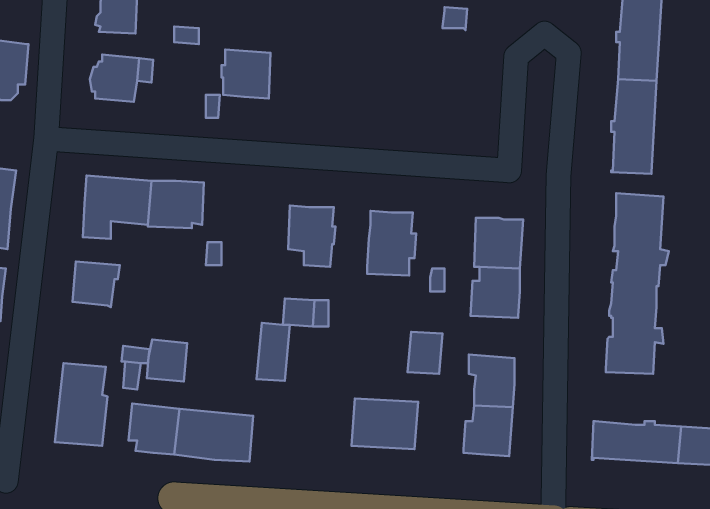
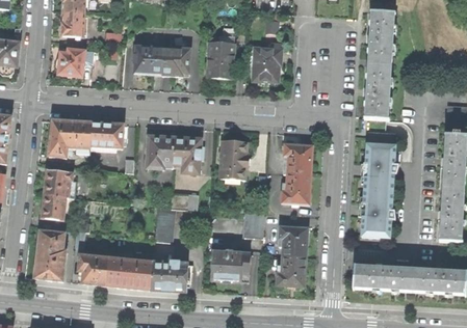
building: none -> [207,42,234,78]
building: none -> [161,47,190,75]
building: none -> [253,47,281,80]
building: none -> [146,136,174,168]
building: [147,340,187,382] -> [42,194,66,219]
building: none -> [150,262,187,291]

